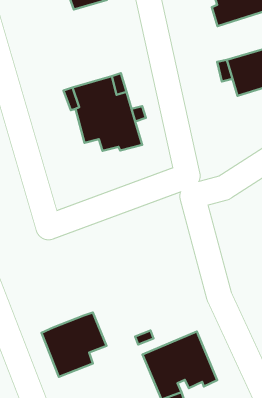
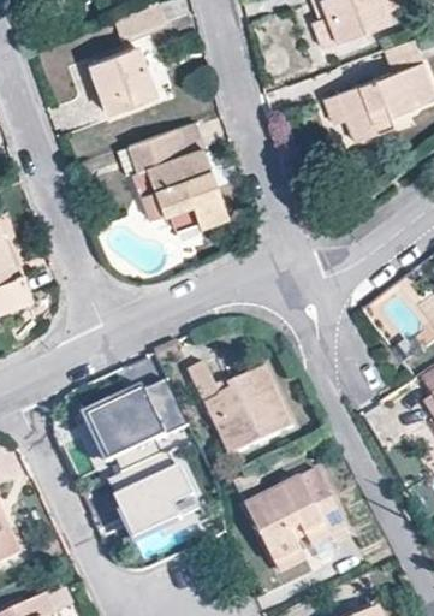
building: none -> [89,47,155,114]
building: none -> [191,363,296,456]
building: none -> [84,384,189,476]

